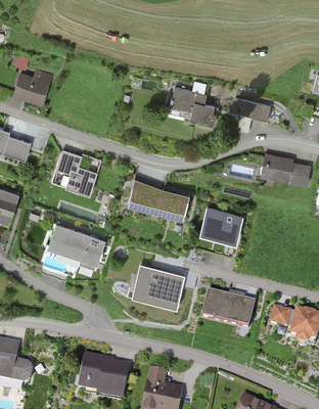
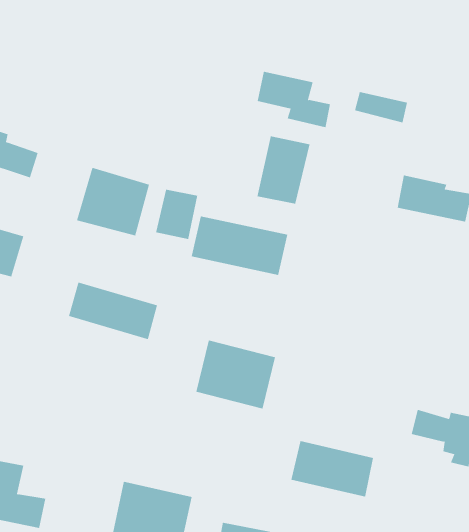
building: [13,70,50,103] -> none
building: none -> [257,135,310,205]
building: none -> [155,189,198,240]
building: [199,207,243,244] -> none
building: [200,290,255,327] -> [290,440,374,497]

